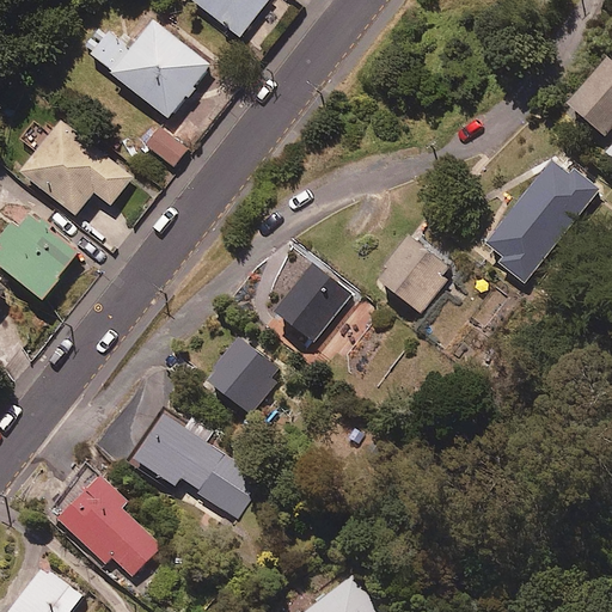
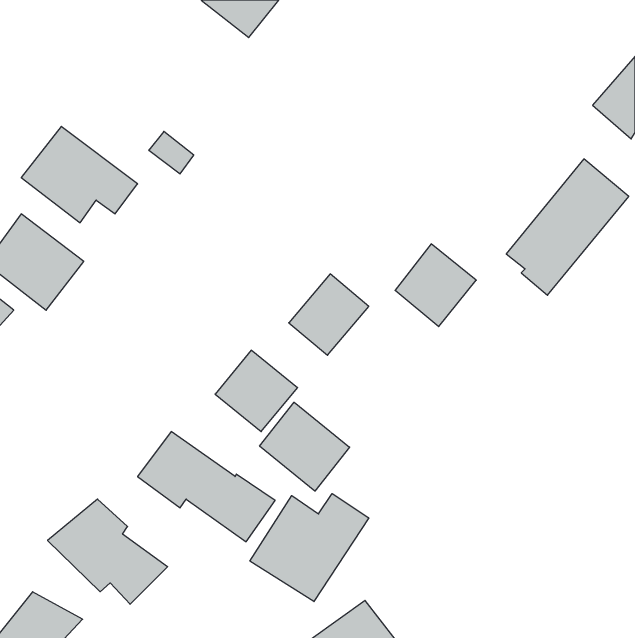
building: [90,19,209,117] -> none
building: none -> [260,402,350,491]
building: none -> [250,494,369,602]

